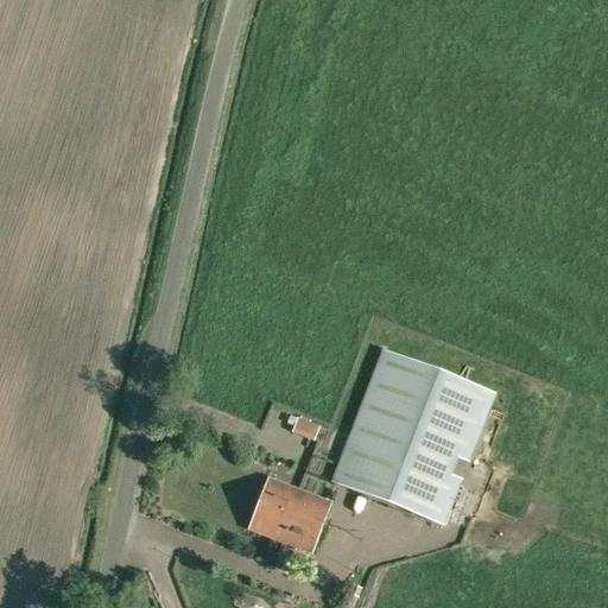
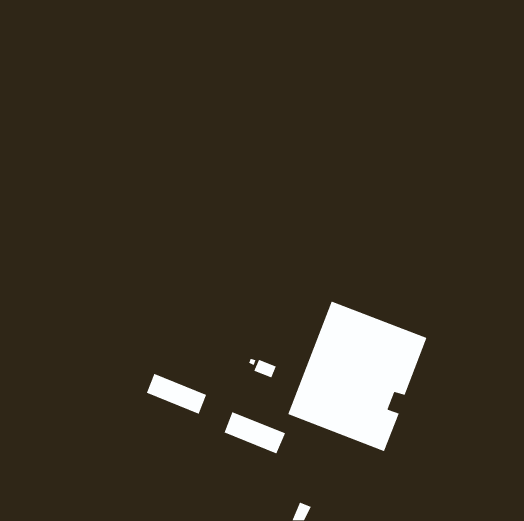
building: [249,501,321,550] -> [146,373,207,415]

